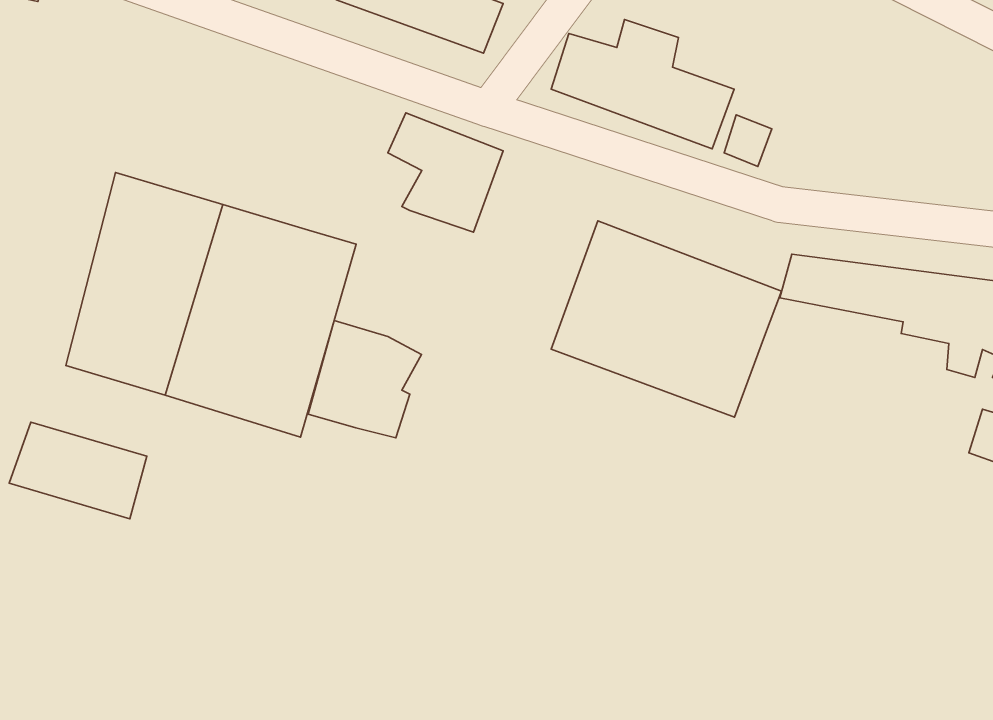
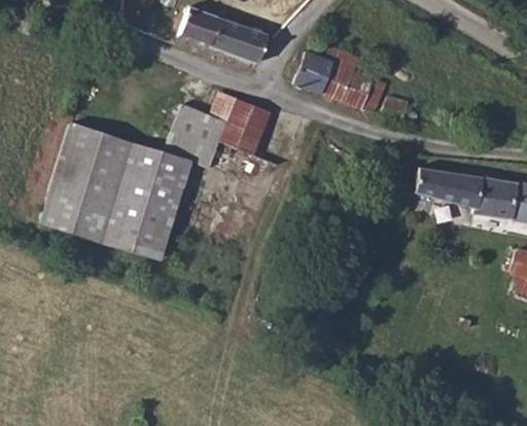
building: [551,221,782,417] -> none
building: [308,321,422,438] -> [168,106,226,167]
building: [9,422,147,519] -> none

